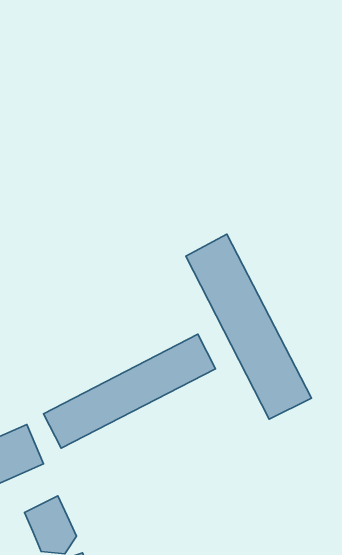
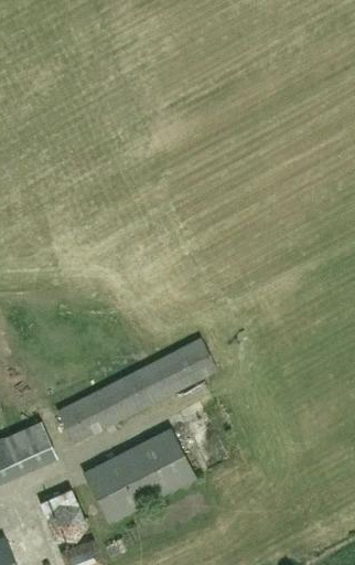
building: [186,234,311,419] -> none
building: none -> [83,429,194,523]

